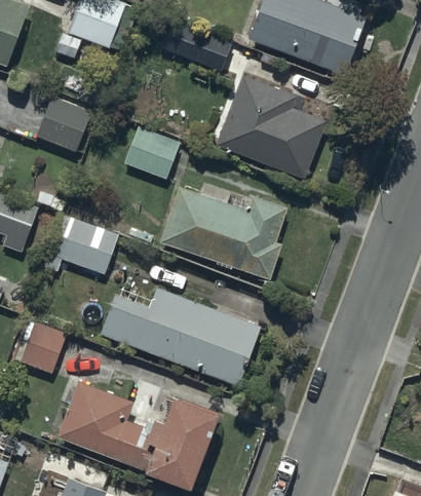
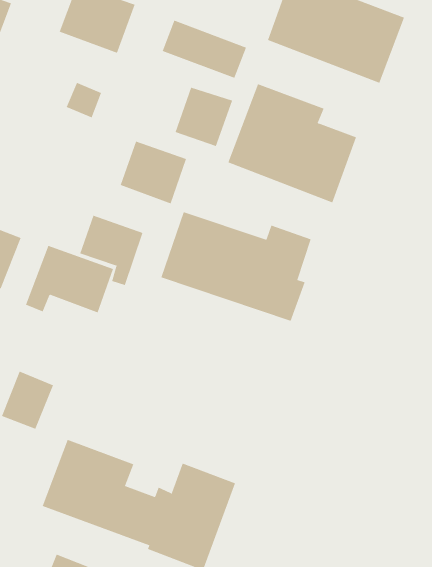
building: none -> [175,87,233,147]
building: [35,96,90,150] -> none
building: none -> [79,215,143,286]
building: [99,285,261,386] -> none

